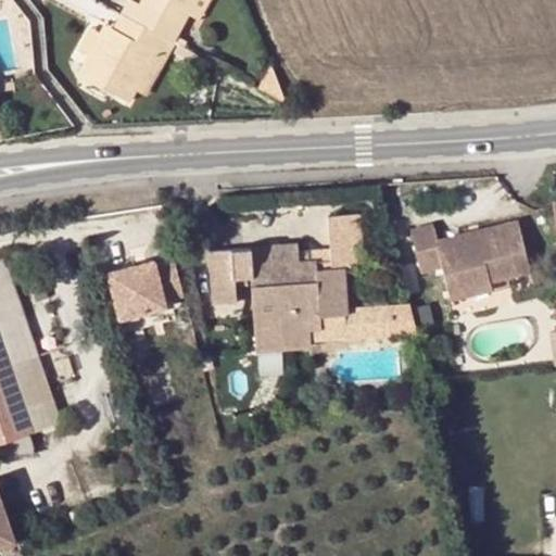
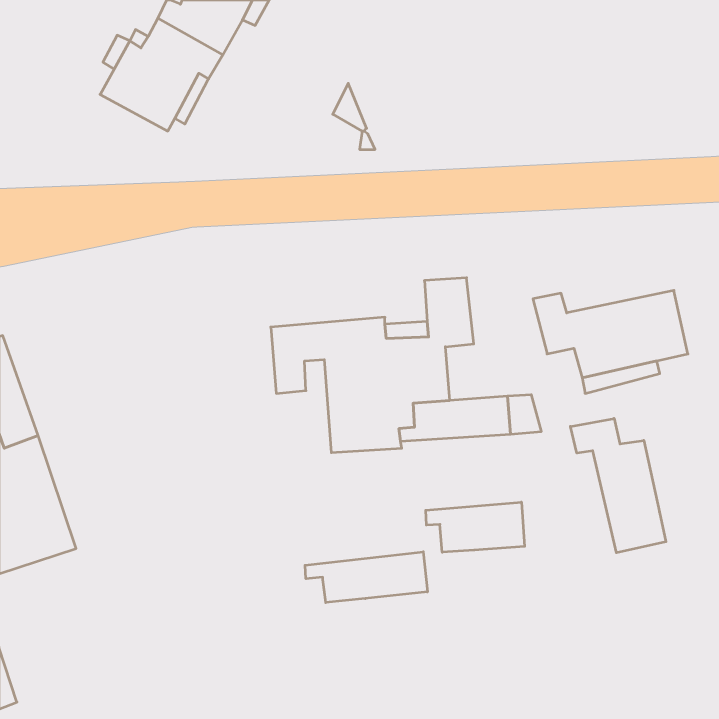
building: [96,255,169,316] -> none
building: none -> [570,418,666,553]
building: none -> [426,502,525,552]
building: none -> [305,552,427,603]

